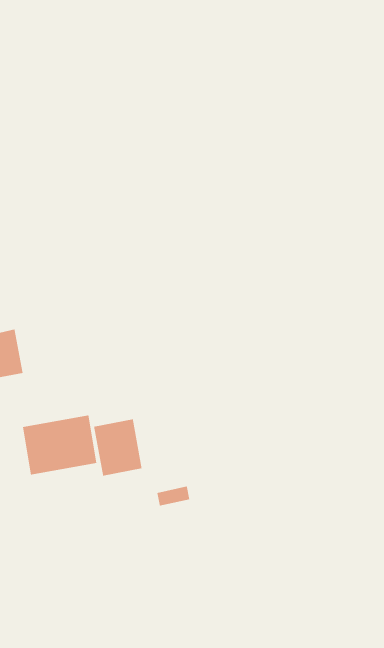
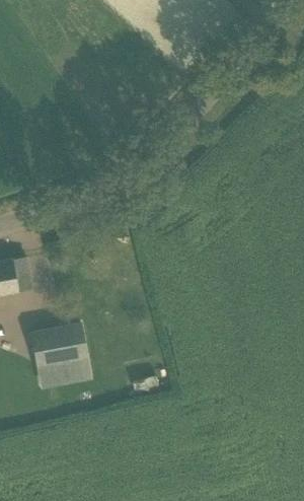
building: [94,419,142,477] -> none

